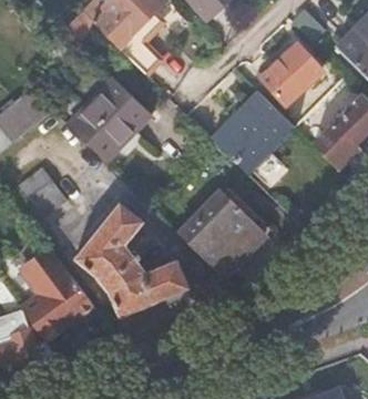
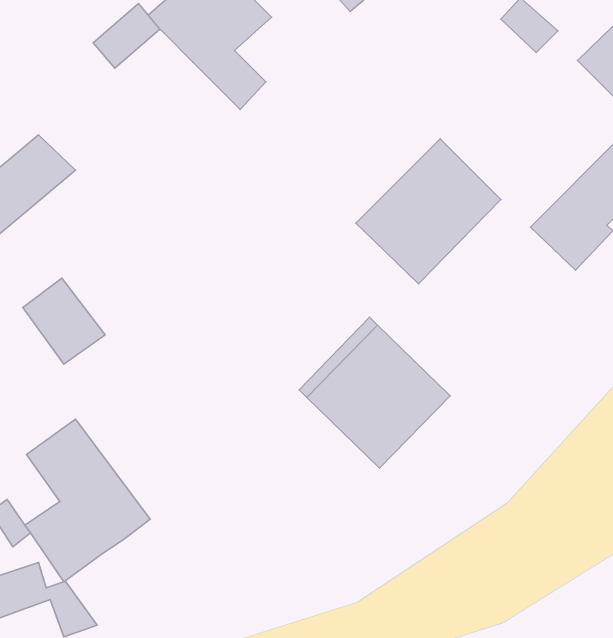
building: [259,42,320,103] -> none
building: [65,80,151,161] -> none
building: [75,201,187,316] -> none

